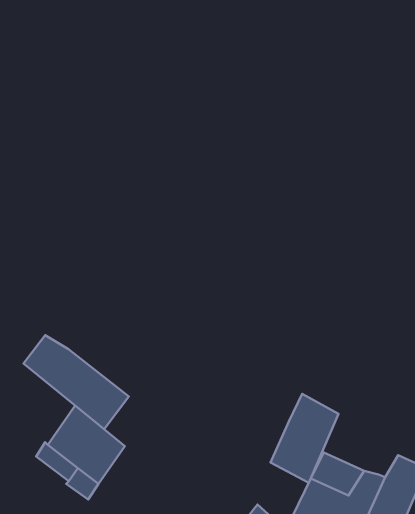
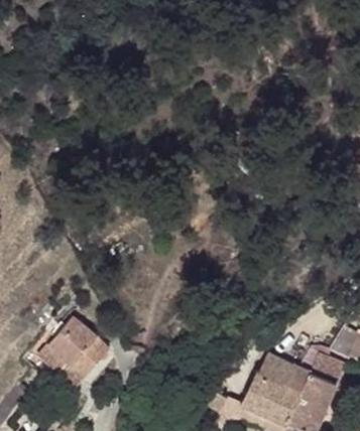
building: [23,335,129,429] -> none
building: [271,394,339,483] -> none

